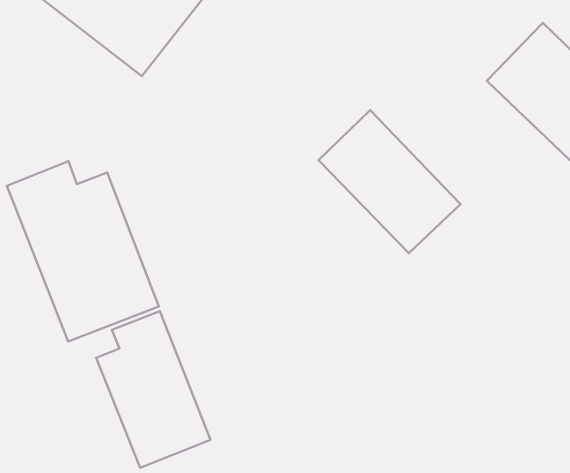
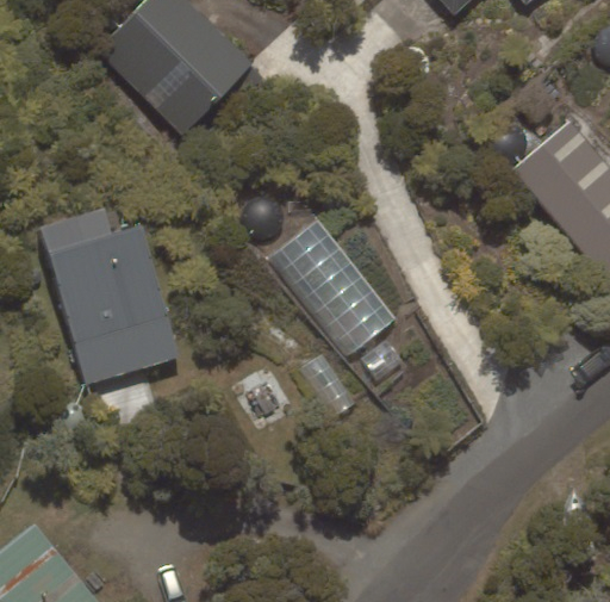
building: [318,110,461,253] -> [264,217,396,356]
building: [96,311,210,468] -> none

